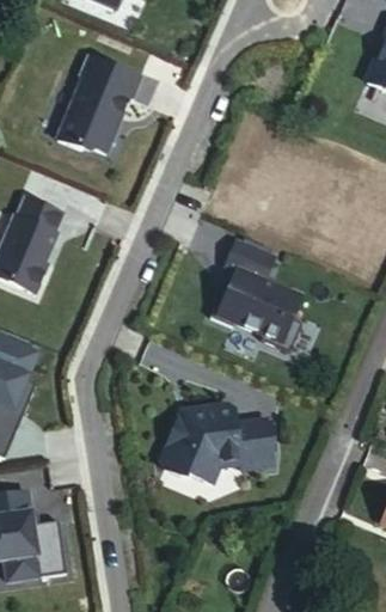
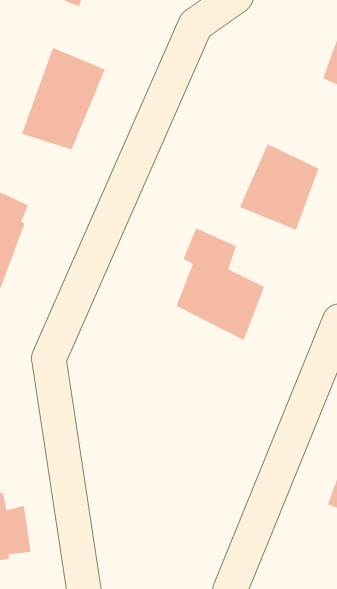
building: none -> [239,143,320,231]
building: [158,399,280,483] -> none

